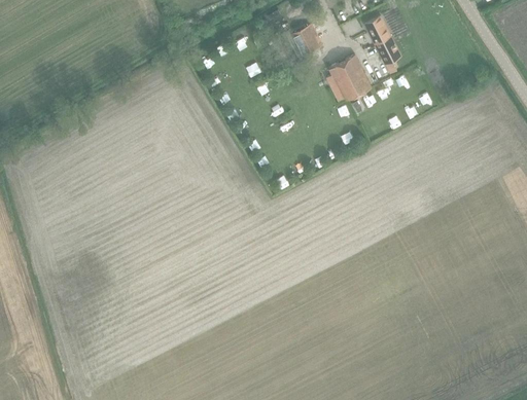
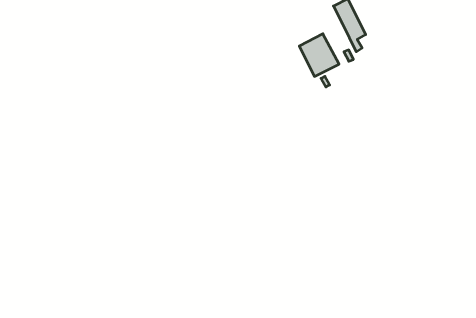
building: [293,24,318,52] -> none

